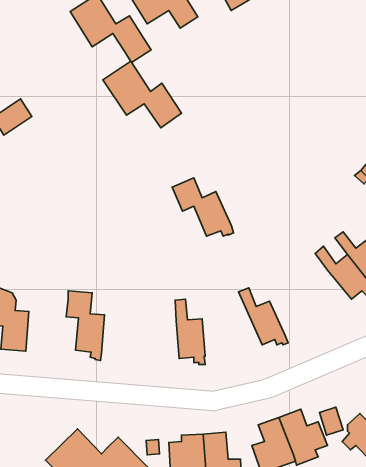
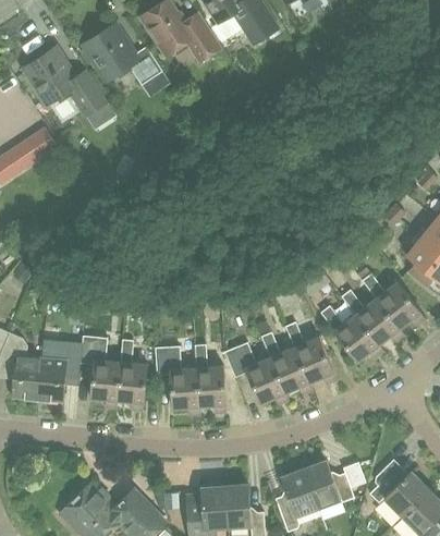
building: [103,61,182,128] -> [24,46,107,115]
building: [172,178,233,236] -> [224,342,289,403]
building: none -> [321,305,384,361]
building: none -> [285,321,338,382]
building: none -> [118,339,148,411]
building: none -> [38,341,83,402]
building: none -> [156,345,200,415]

